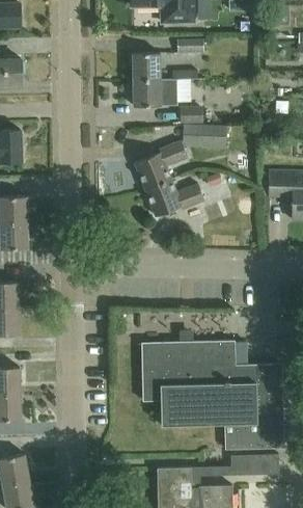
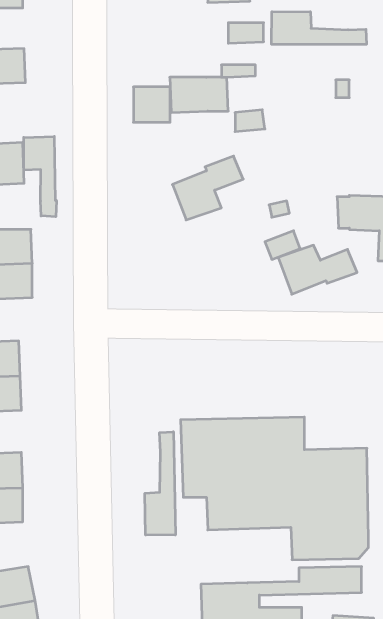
building: none -> [272,12,366,44]
building: [132,53,160,80] -> [133,87,170,122]
building: [197,124,226,149] -> none
building: none -> [24,136,56,217]
building: [144,180,204,217] -> [278,245,357,294]
building: none -> [145,432,175,535]

